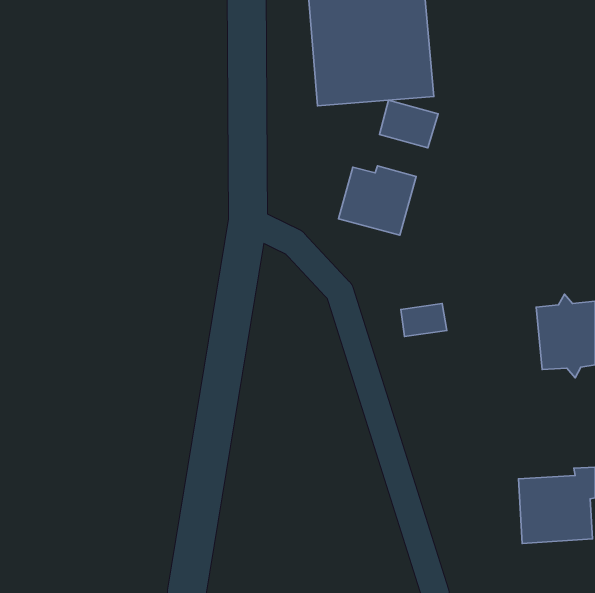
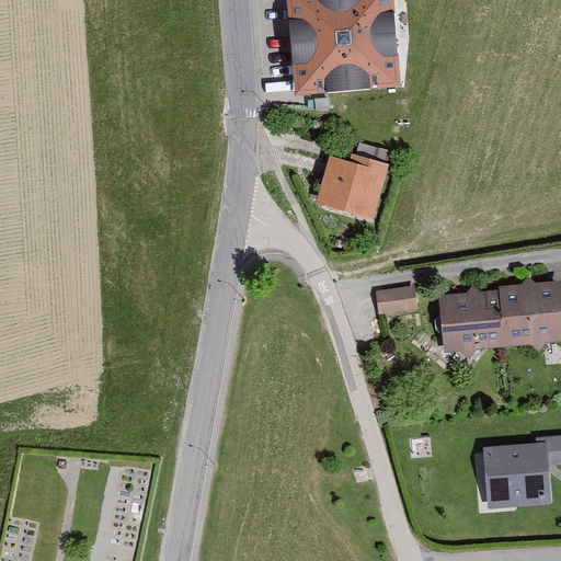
building: [379,100,438,148] -> none
building: none -> [438,282,505,356]

